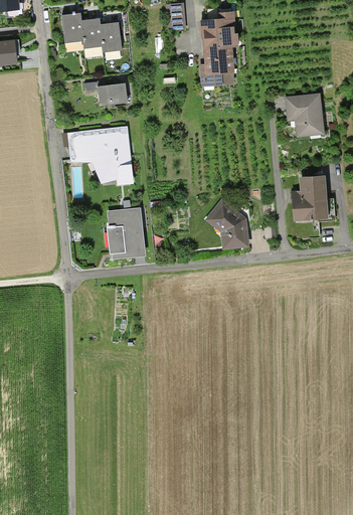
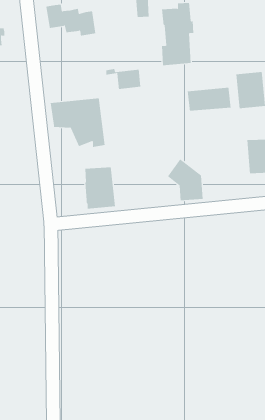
building: [84,81,127,107] -> [106,68,141,89]
building: none -> [187,87,231,111]

